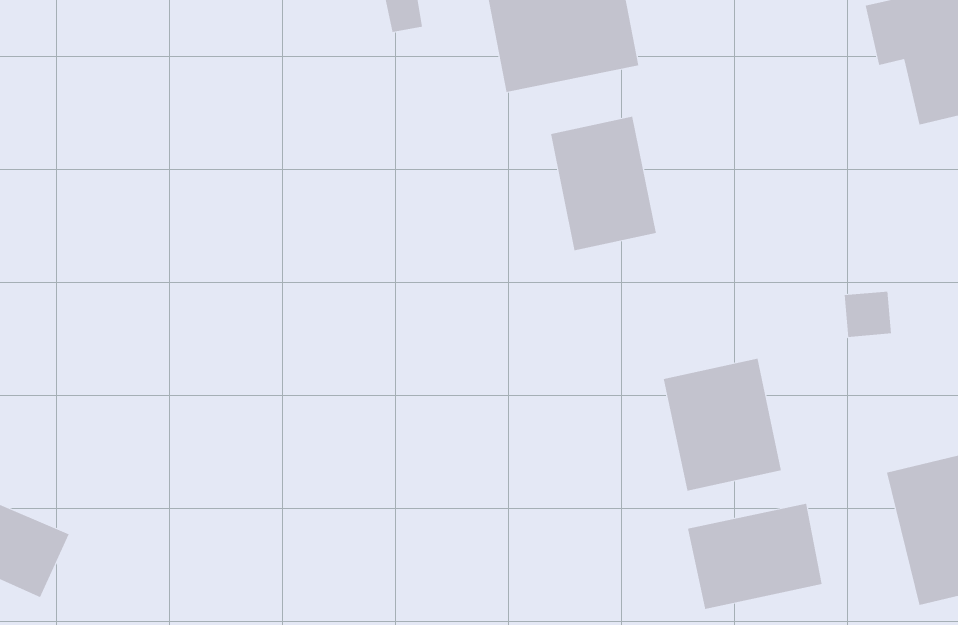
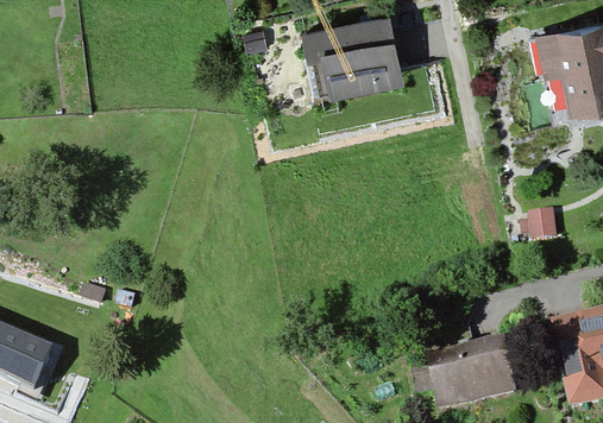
building: [550,116,656,251] -> none
building: [663,358,781,492] -> none

